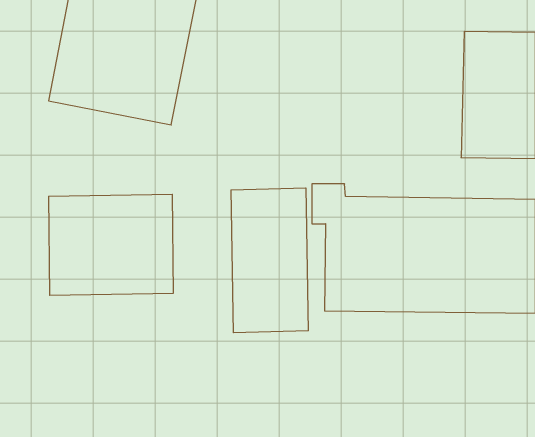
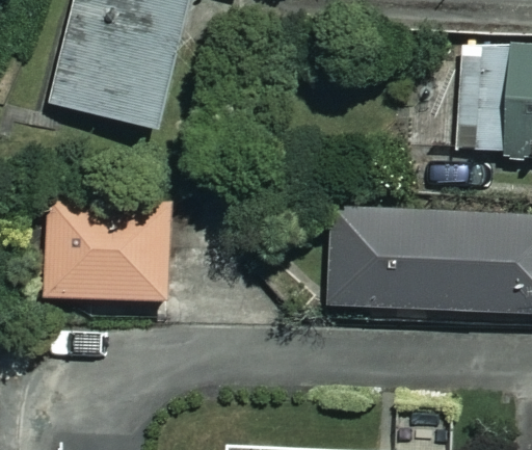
building: [231,188,308,333] -> none

